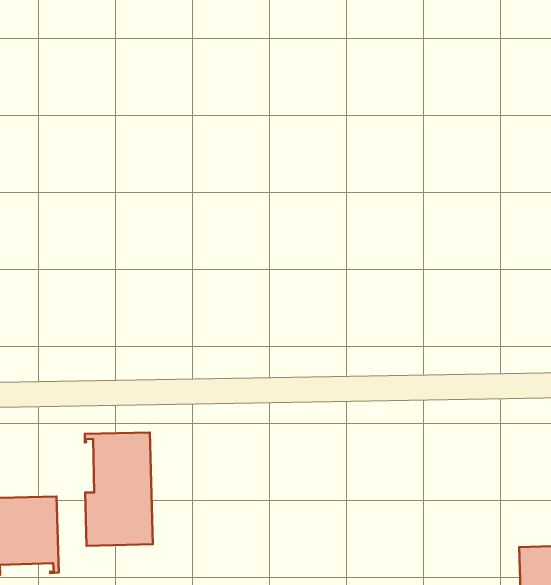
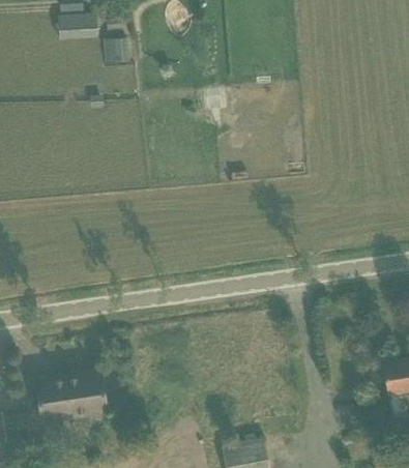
building: [85,432,153,546] -> none

